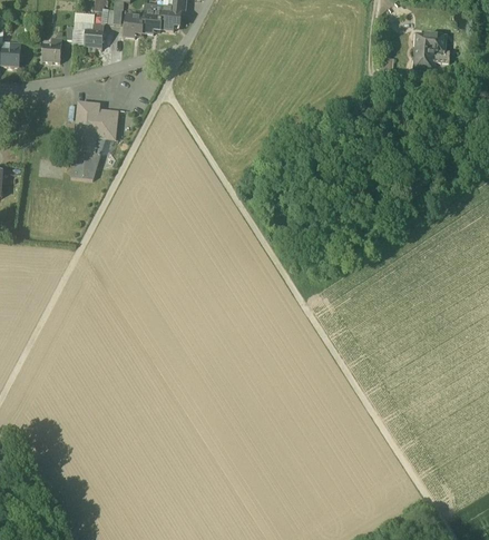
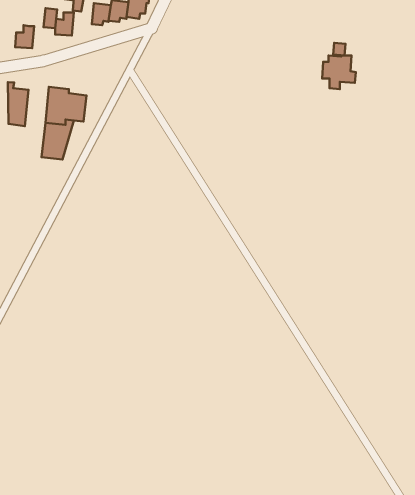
building: [414,32,450,68] -> [322,56,356,89]
building: none -> [8,82,29,126]

